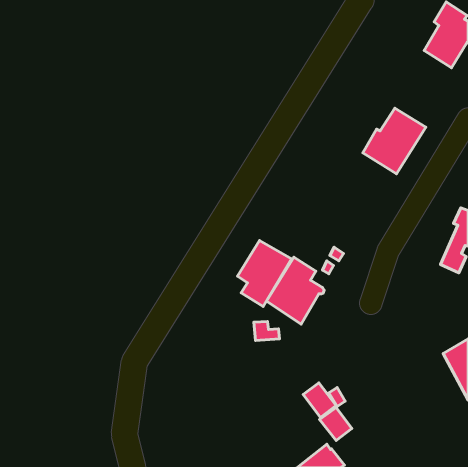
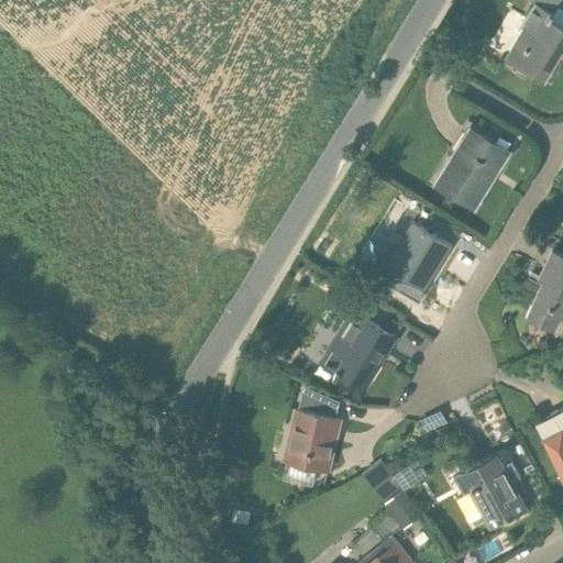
building: [237,241,291,307] -> [387,224,452,303]
building: none -> [285,410,341,471]
building: none -> [454,454,527,528]

